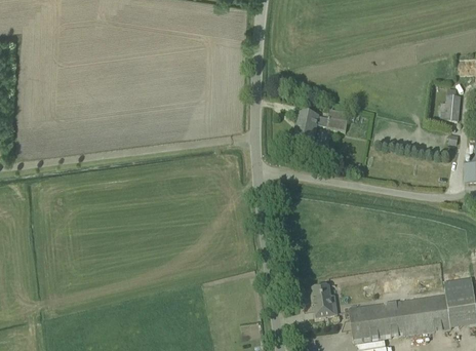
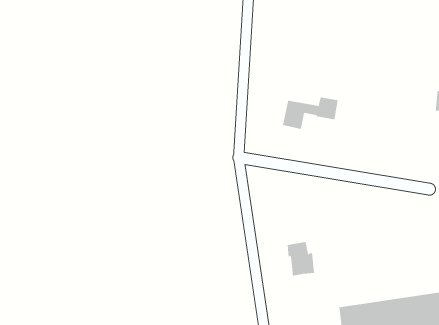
building: [311,283,338,316] -> [287,242,315,276]

